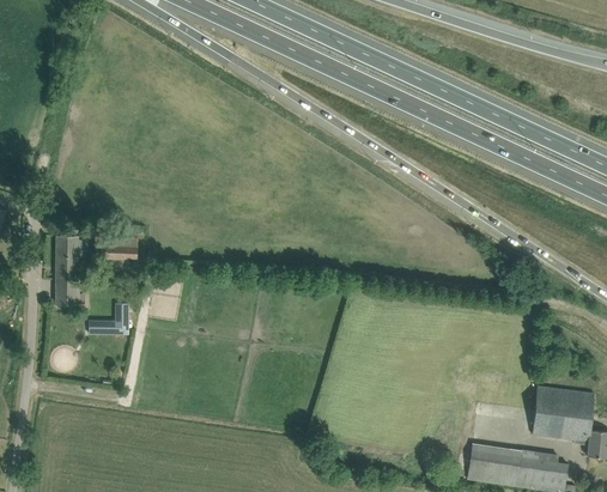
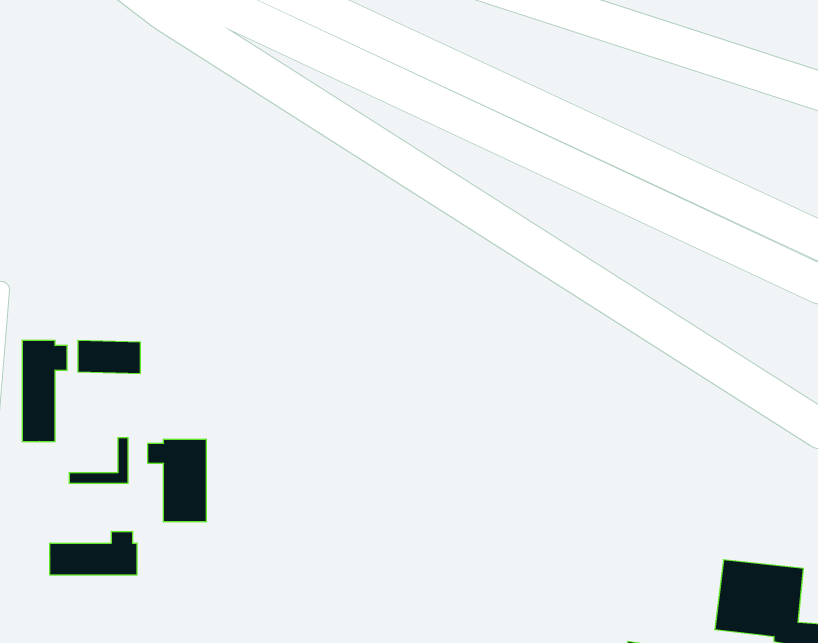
building: none -> [148,439,206,522]
building: none -> [50,531,137,575]

